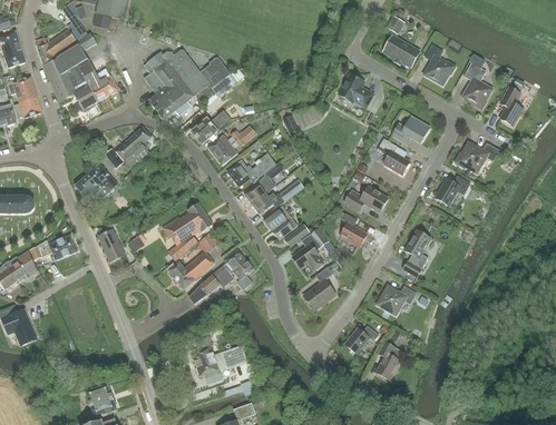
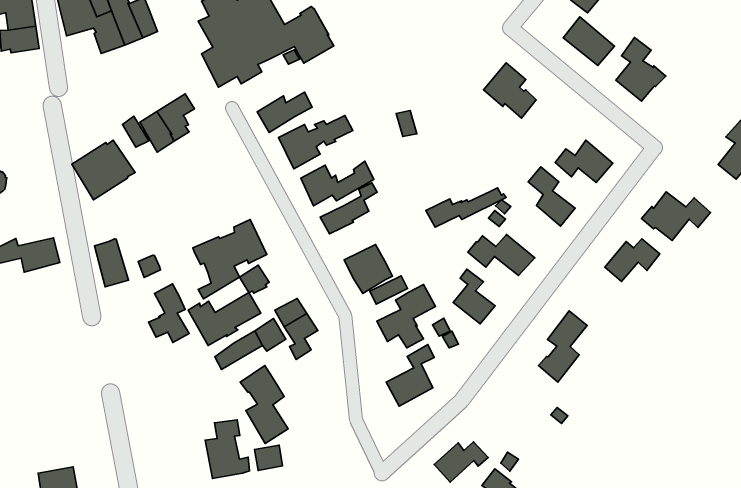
building: [461,62,492,109] -> none
building: [252,181,303,214] -> [426,188,506,227]
building: none -> [149,284,189,343]
building: [377,285,417,315] -> none
building: none -> [240,365,288,444]

